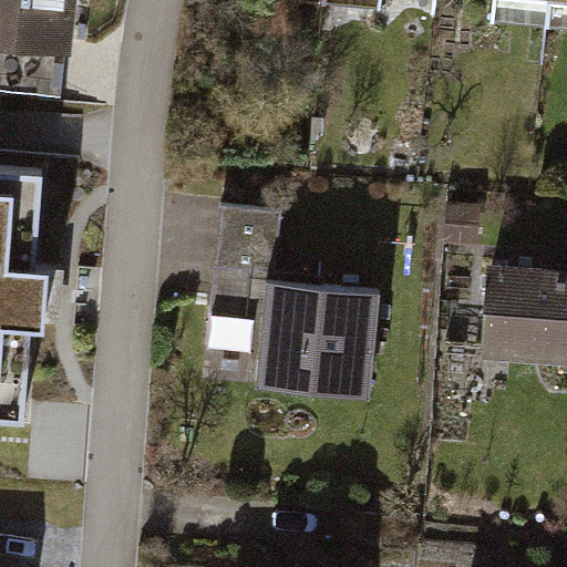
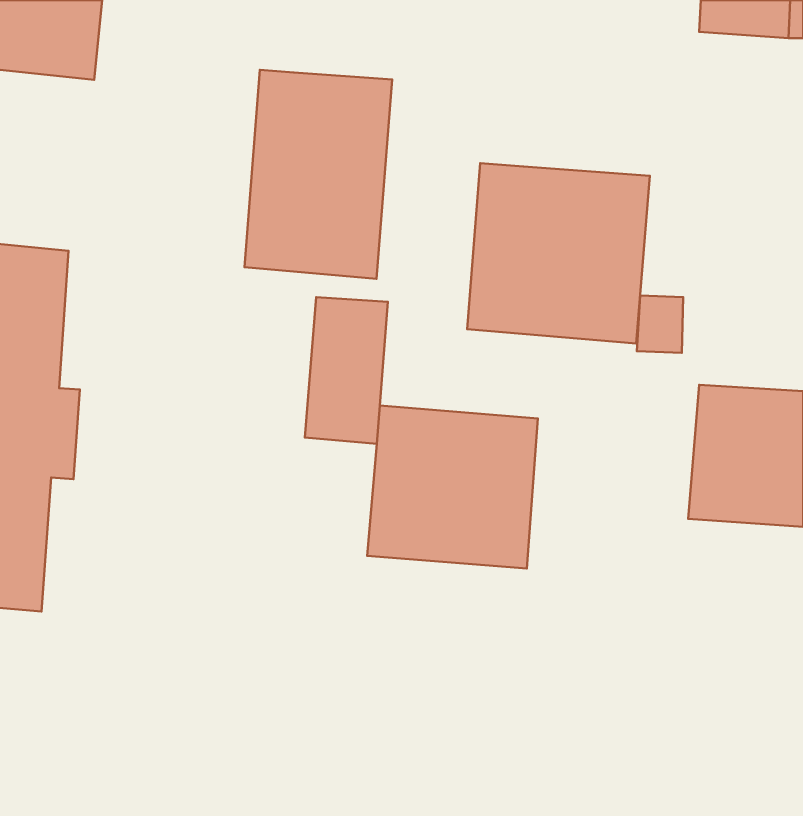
building: none -> [244,70,392,279]
building: none -> [467,163,650,344]

